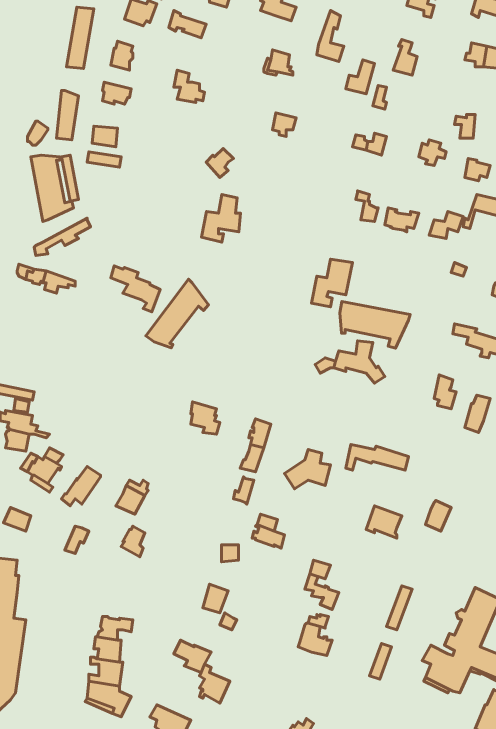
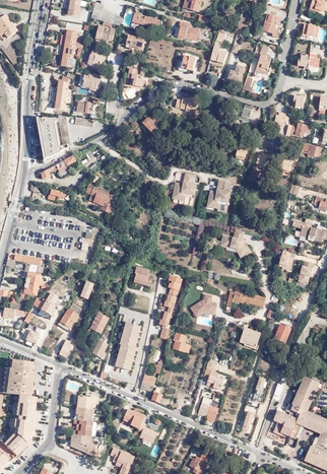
building: [201,195,241,242] -> [172,173,195,201]
building: [146,279,208,348] -> none
building: [340,302,410,348] -> none
building: none -> [115,323,138,370]

